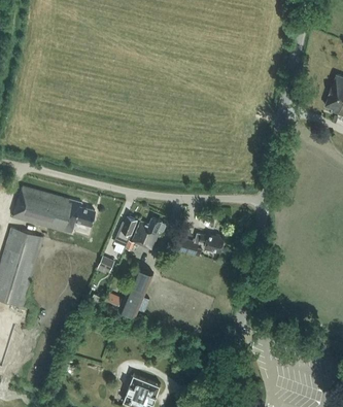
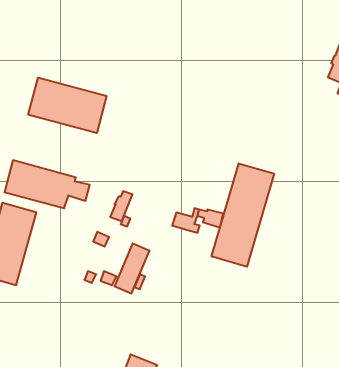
building: none -> [28,78,107,133]
building: none -> [212,163,274,267]
building: [132,216,165,248] -> none

